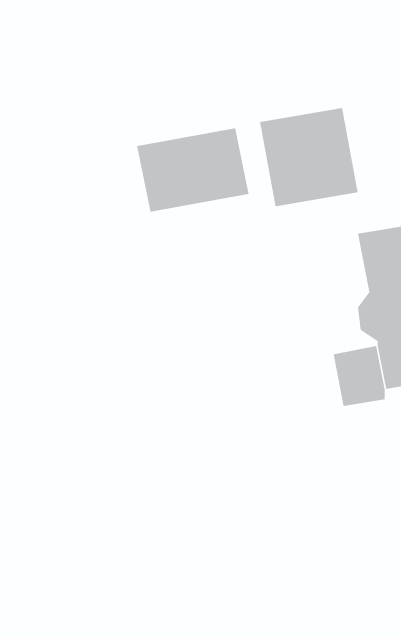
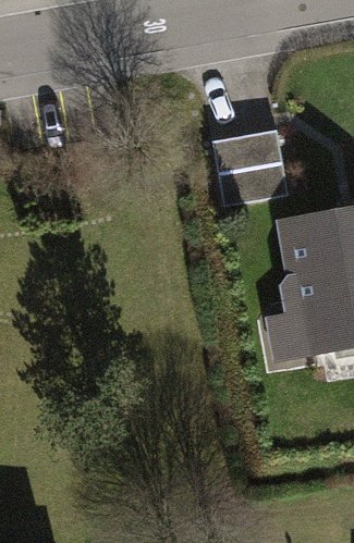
building: [137,127,249,212] -> none

